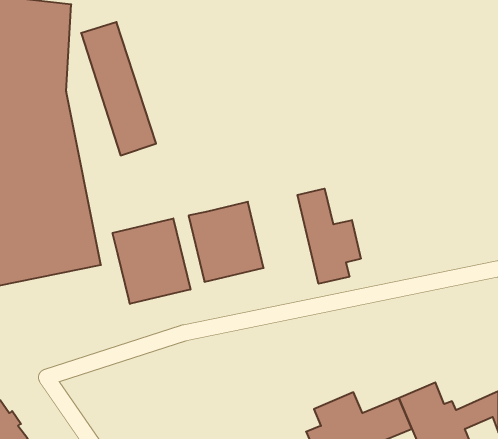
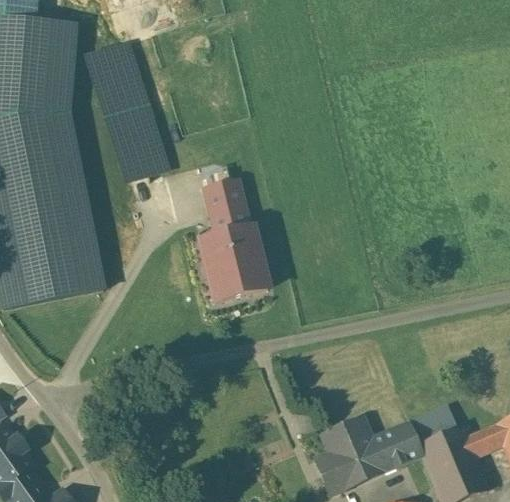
building: none -> [202,178,251,234]
building: [297,189,361,284] -> none
building: [113,218,190,304] -> none

